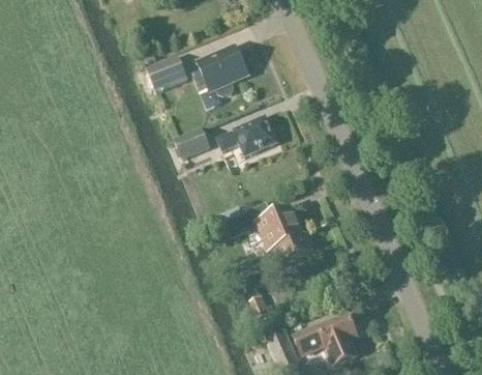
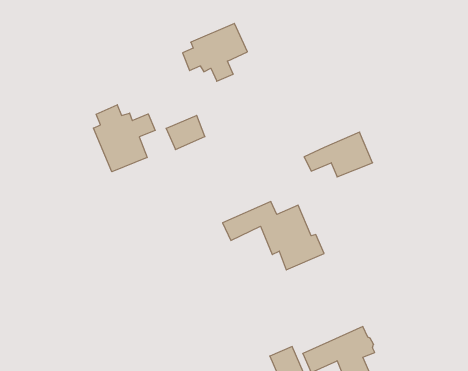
building: [145,57,185,93] -> none
building: [216,116,276,155] -> [304,132,373,177]
building: none -> [93,105,155,172]

